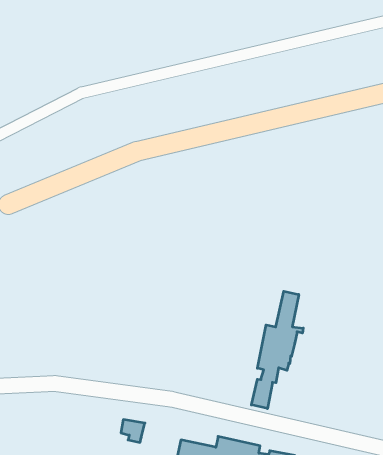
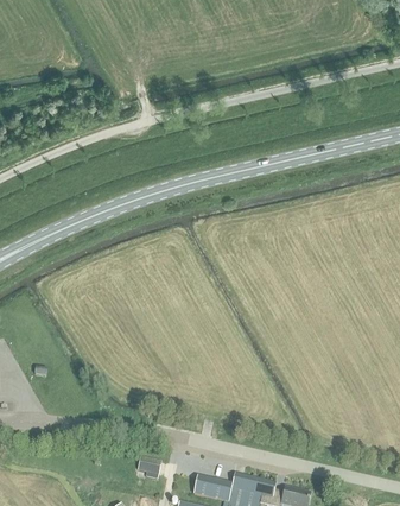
building: [251,291,303,409] -> none

